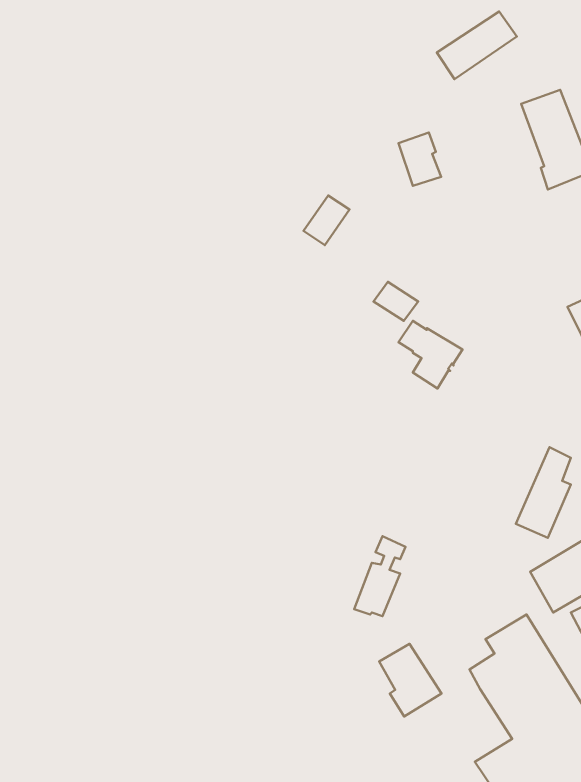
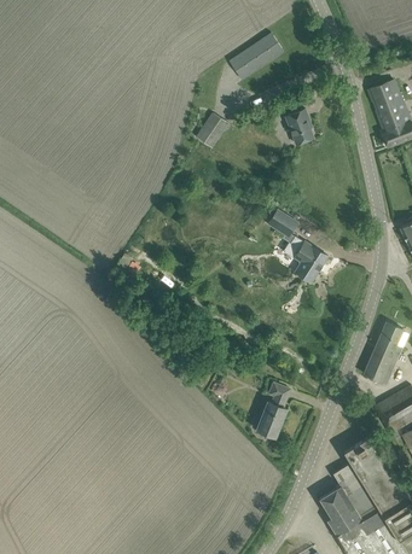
building: [437,12,517,79] -> [228,34,283,80]
building: [303,195,350,245] -> [196,113,227,147]
building: [379,644,441,717] -> [319,486,361,536]

